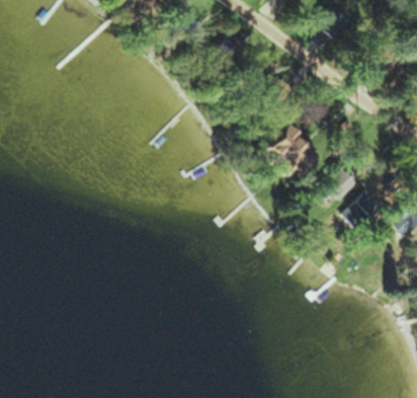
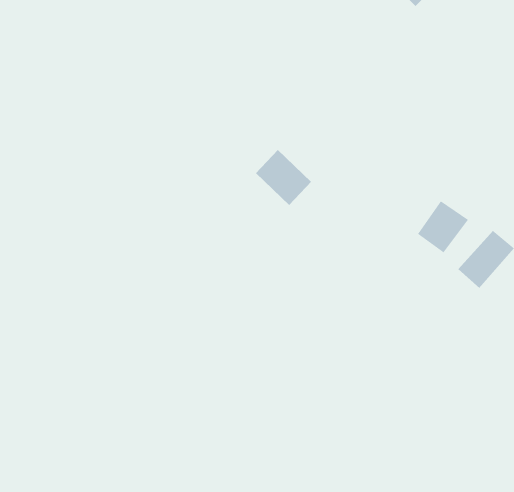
building: [272,132,309,169] -> [255,149,312,206]

